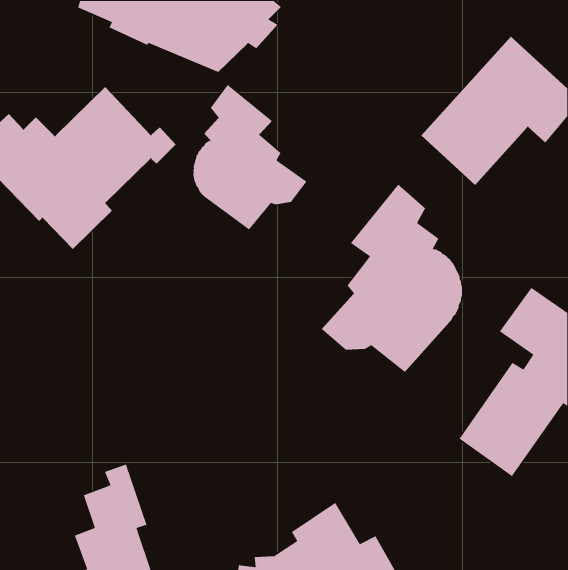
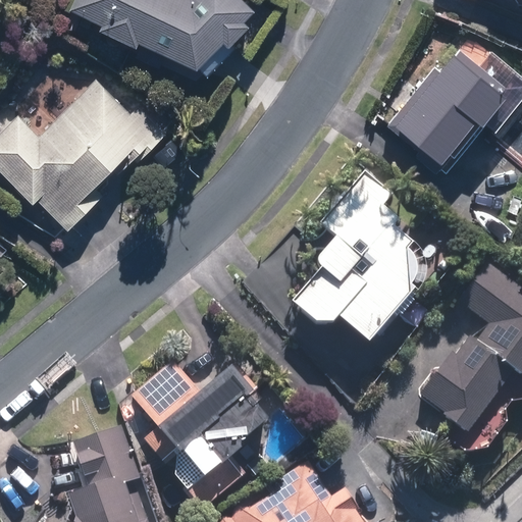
building: [192,84,307,230] -> none
building: none -> [128,358,282,512]

